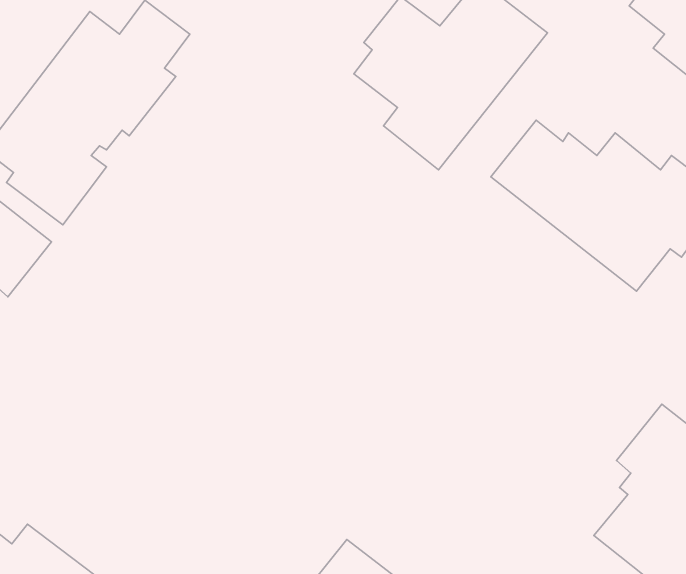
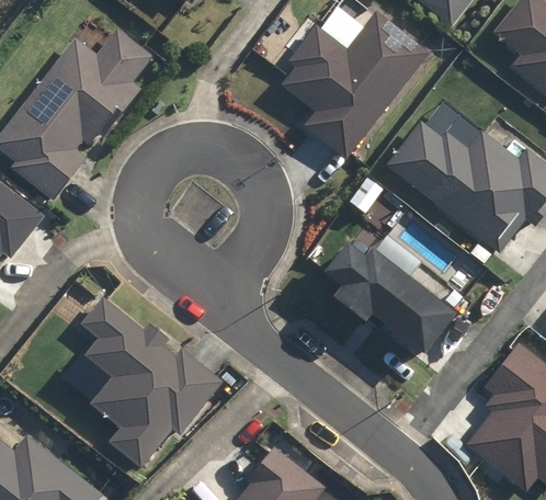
building: none -> [321,241,455,354]
building: none -> [80,296,225,468]

